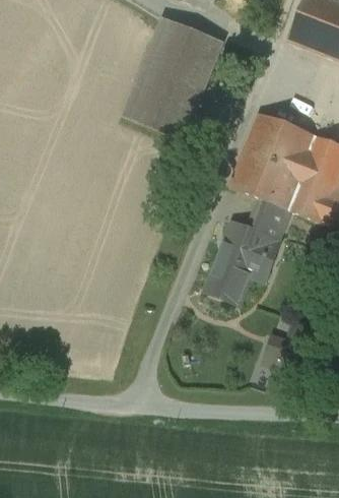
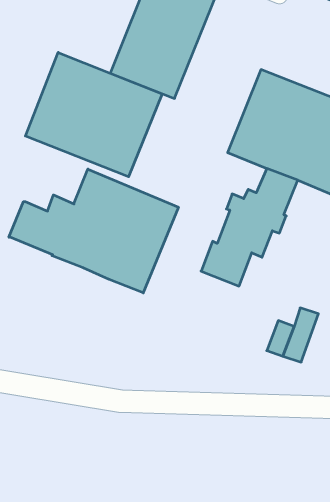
building: none -> [25,52,162,177]
building: none -> [9,169,178,293]

